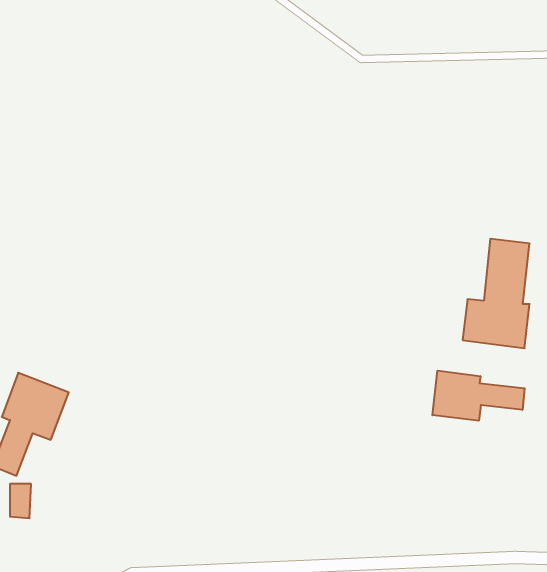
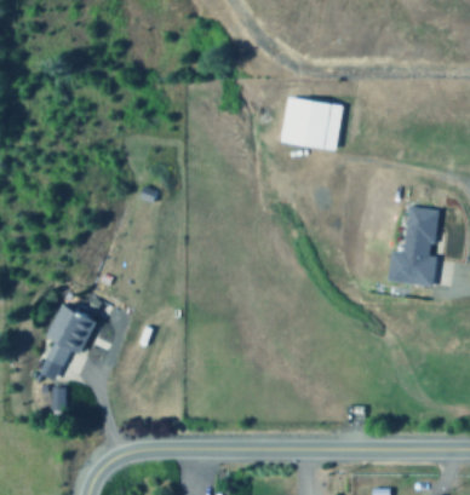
building: none -> [279,97,342,150]
building: [432,371,525,421] -> none

